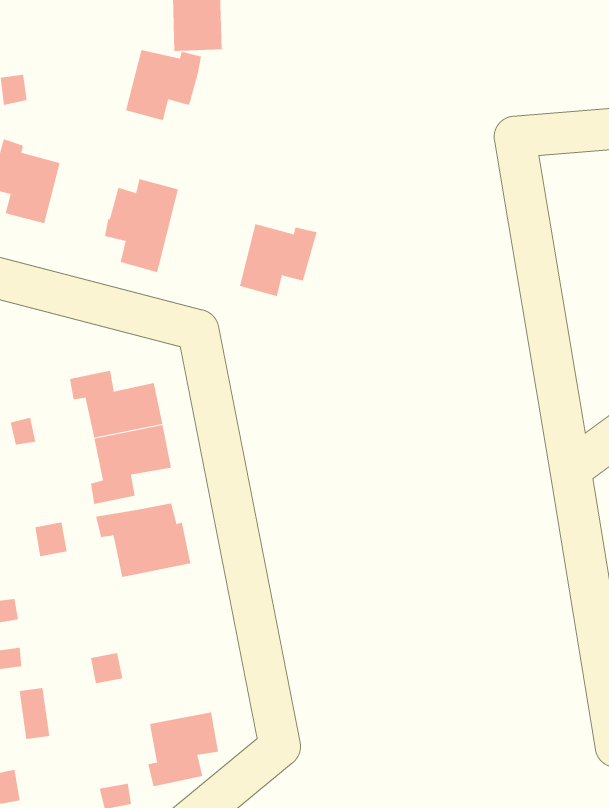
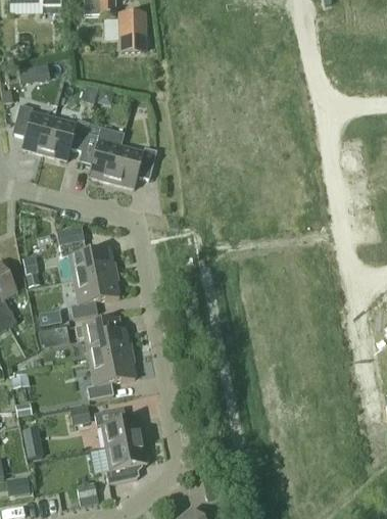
building: [125,49,202,121] -> [44,117,89,159]
building: [239,224,317,297] -> [110,145,156,188]
building: none -> [86,352,134,398]
building: none -> [94,407,142,446]

